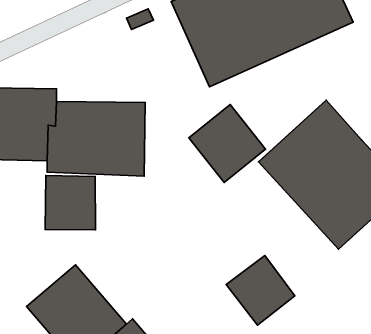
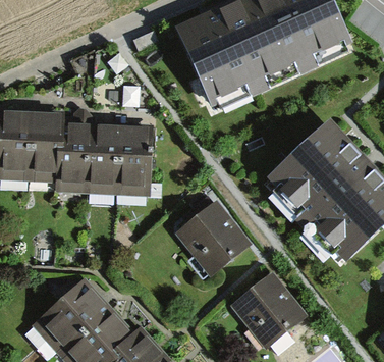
building: [189,104,266,182] -> [176,199,252,275]
building: [45,176,95,230] -> none

